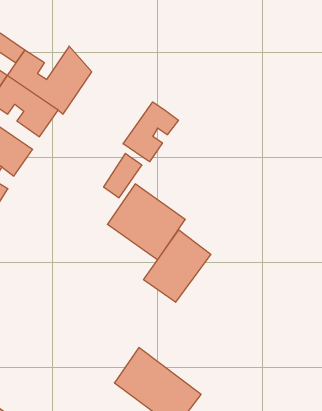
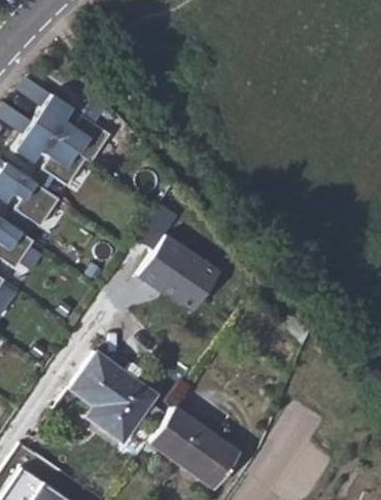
building: [123,102,178,162] -> none
building: [144,230,211,302] -> none
building: none -> [70,354,155,443]

